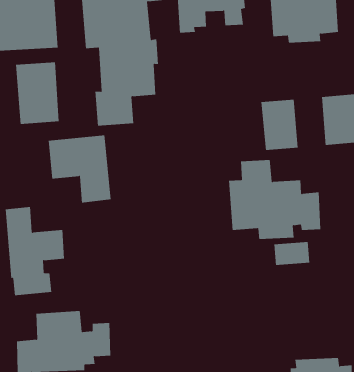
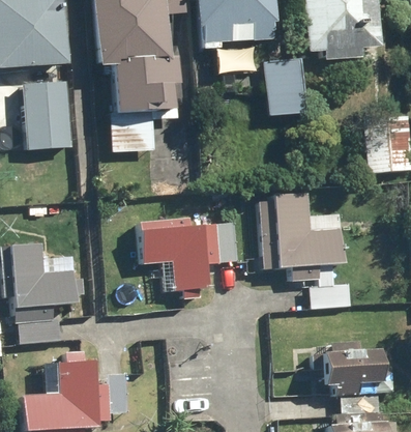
building: [261,99,298,151] -> [265,57,307,115]
building: [48,135,112,203] -> [137,214,208,291]
building: none -> [323,340,394,412]

